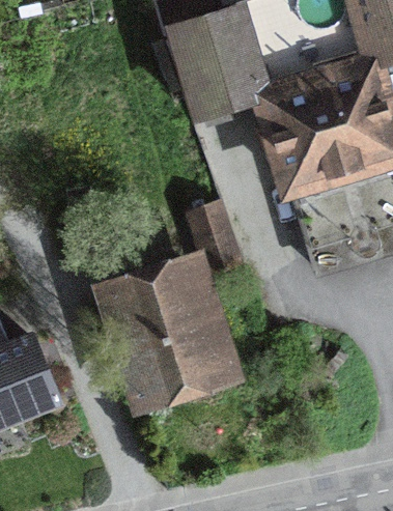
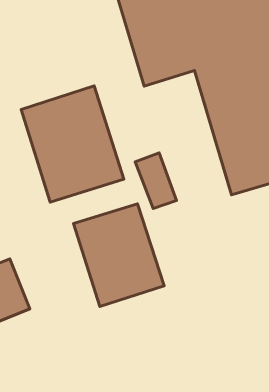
building: none -> [21,86,124,202]

